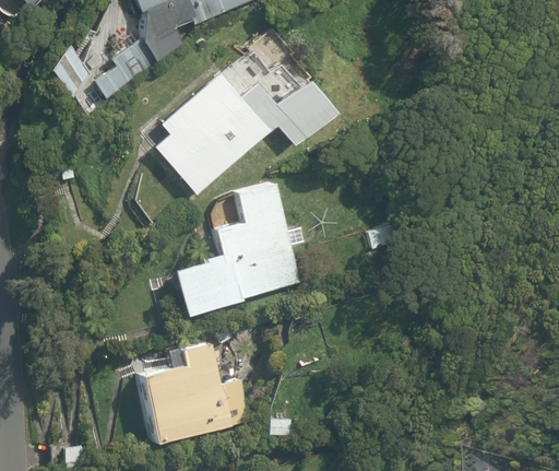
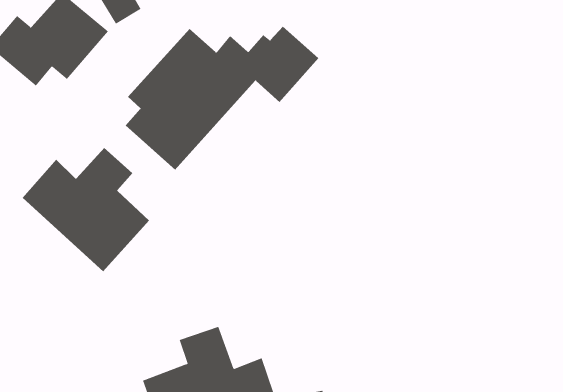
building: none -> [22,147,150,272]
building: [171,179,302,316] -> none

